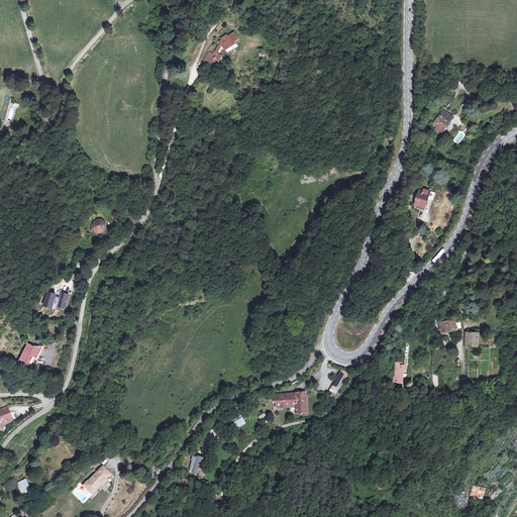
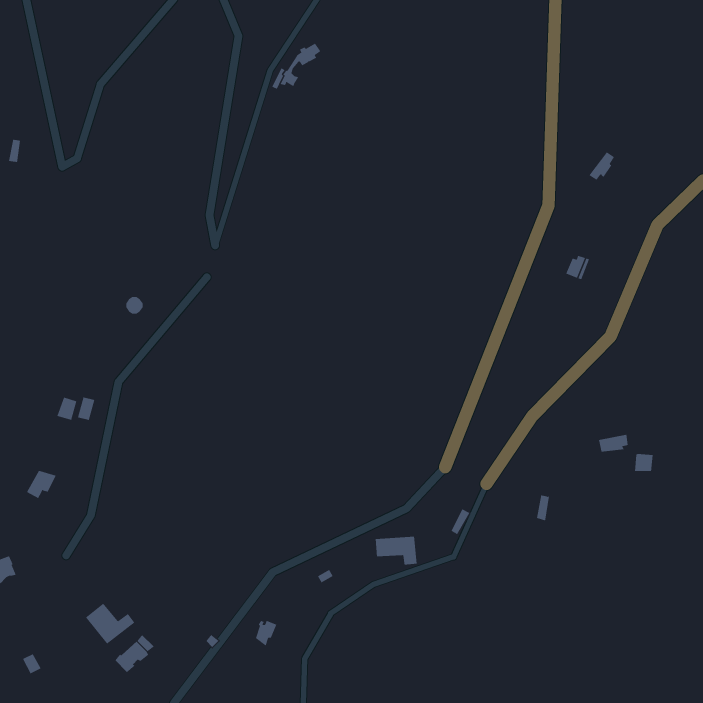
building: none -> [85,603,135,644]

